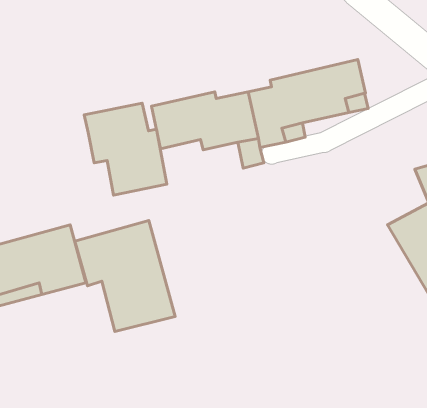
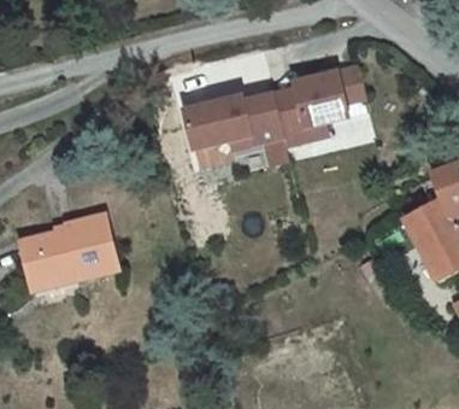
building: [84,103,167,195] -> none
building: [75,221,175,331] -> none

